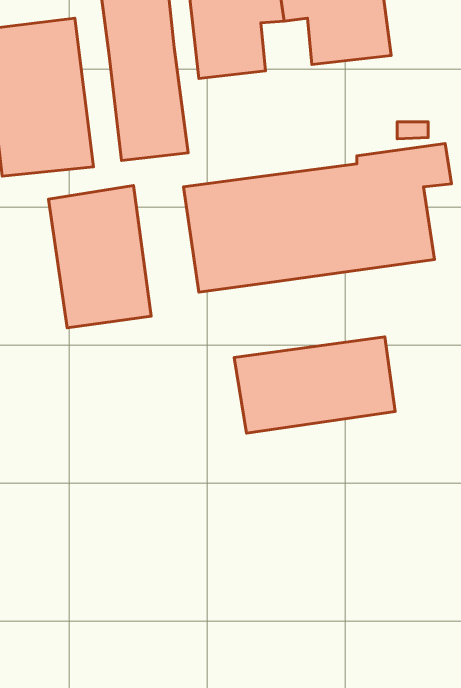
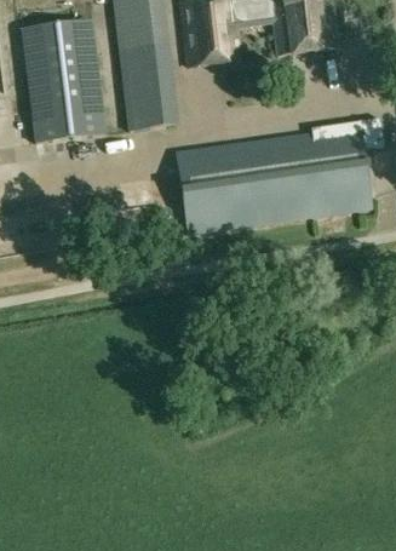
building: [48,186,151,328] -> none
building: [234,337,395,433] -> none

